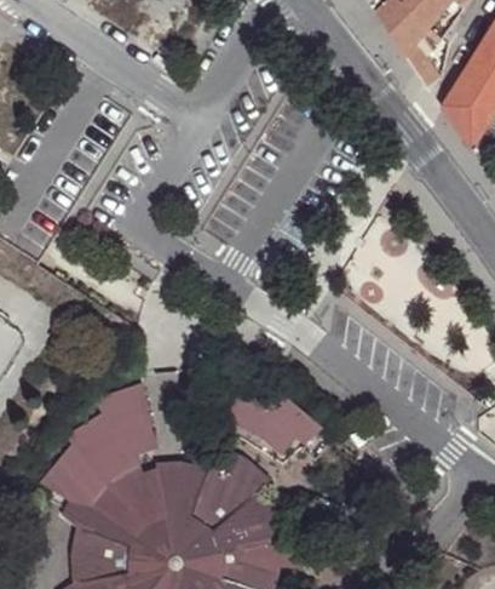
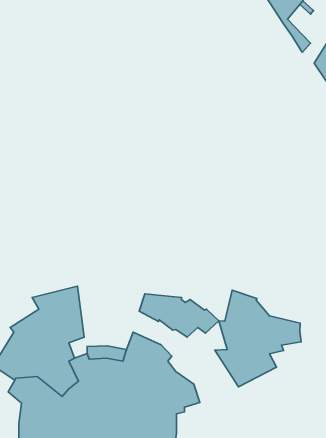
building: none -> [215,290,301,387]

